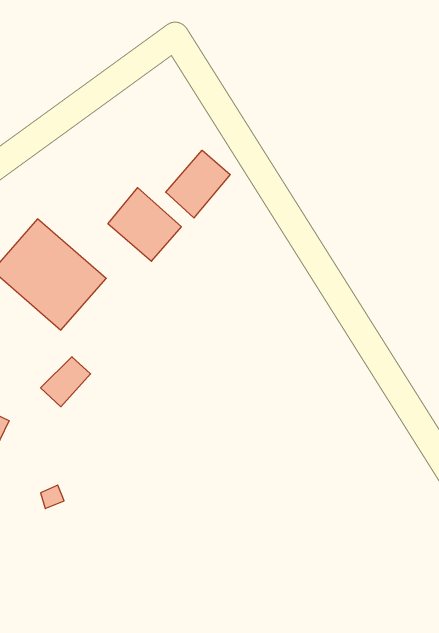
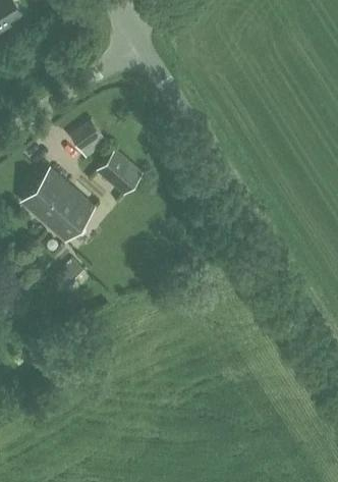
building: none -> [68,119,108,160]
building: [166,150,230,218] -> none

